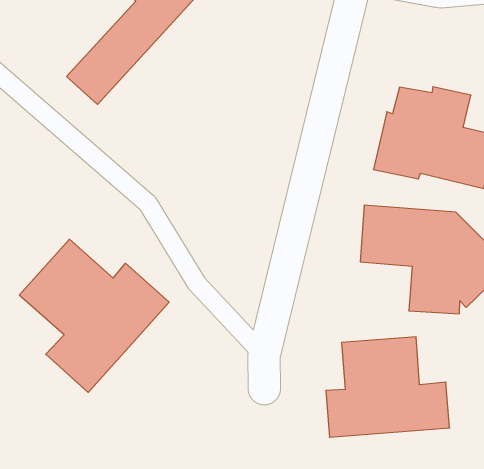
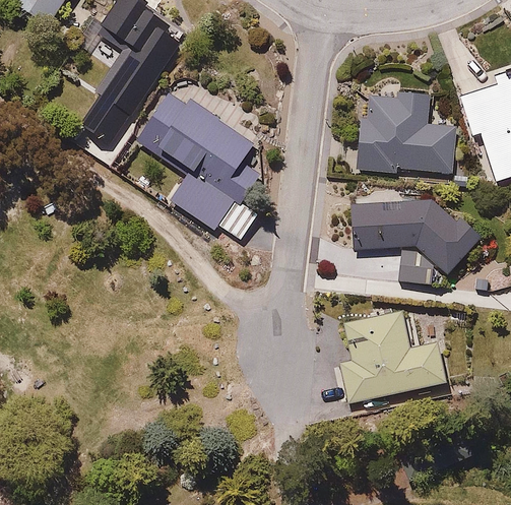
building: none -> [136,85,265,240]
building: [19,239,169,392] -> none

